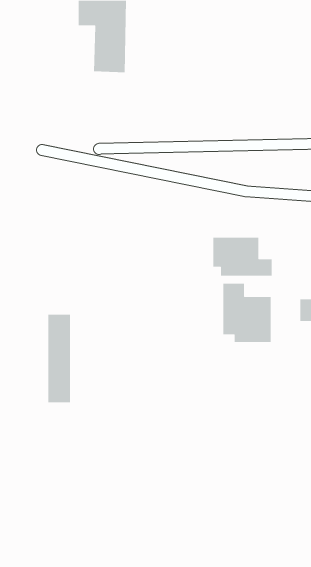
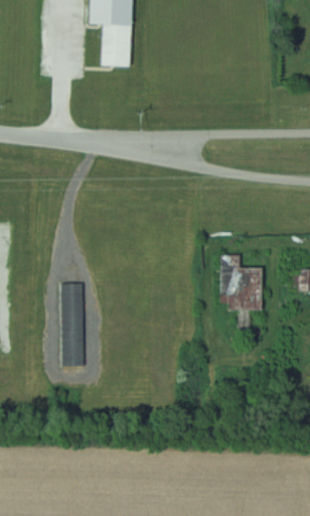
building: [212,237,273,276] -> none

